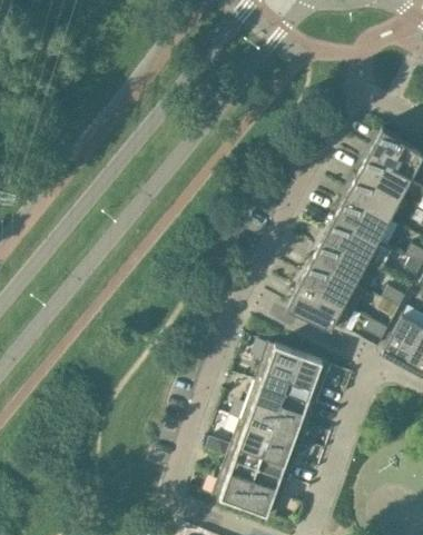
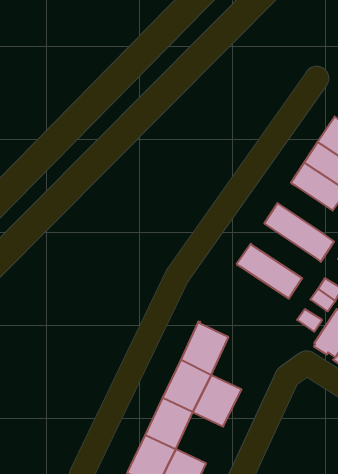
building: [334,196,388,240] -> none
building: [311,238,376,288] -> none
building: [286,280,354,329] -> none
building: [285,353,331,403] -> none
building: [257,429,302,478] -> none

